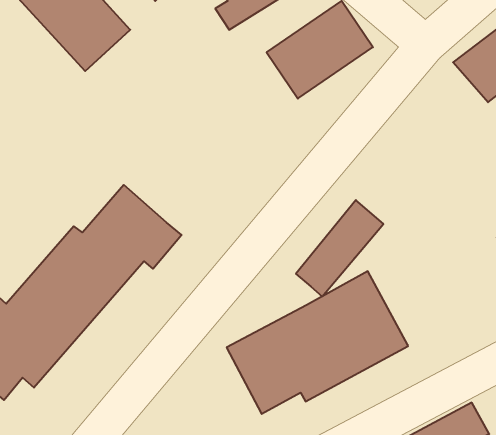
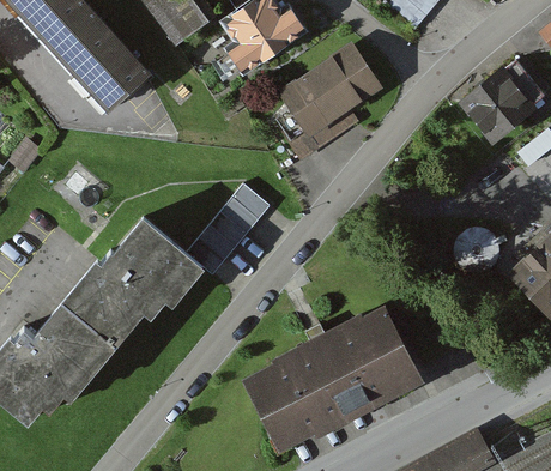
building: [296,200,383,296] -> [186,187,270,279]

